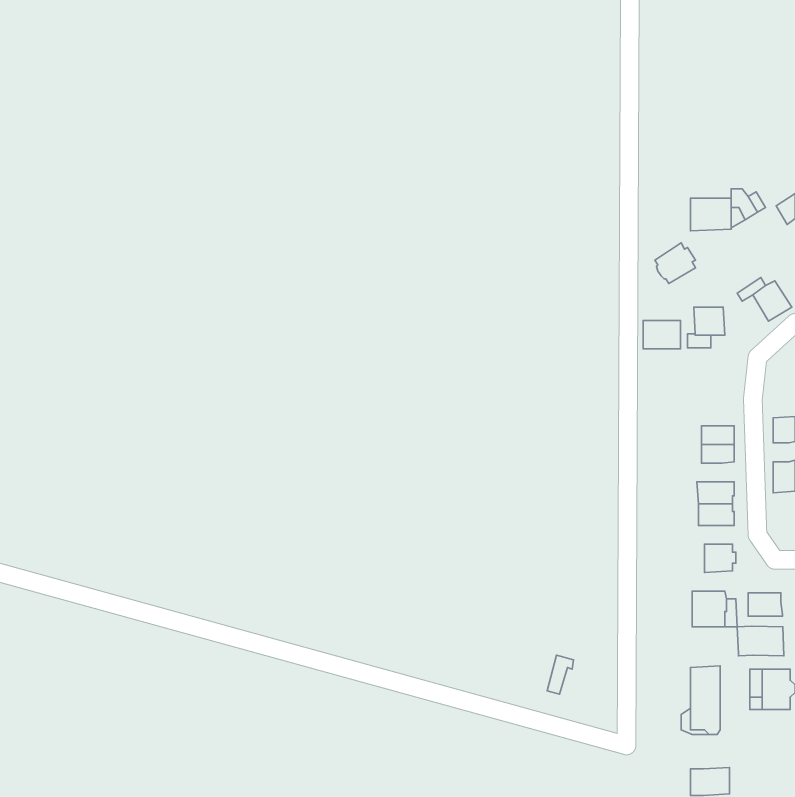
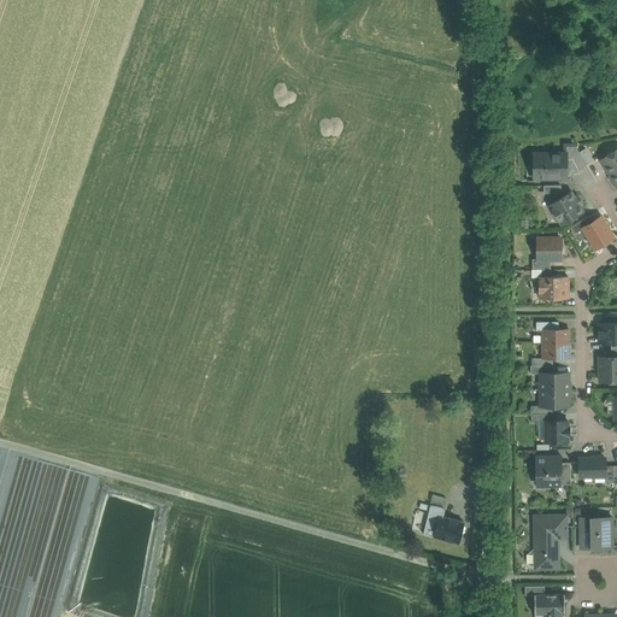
building: [655,243,695,284] -> [550,192,581,223]
building: [643,321,681,349] -> [539,276,568,298]
building: [737,626,784,656] -> none
building: none -> [433,516,463,542]

